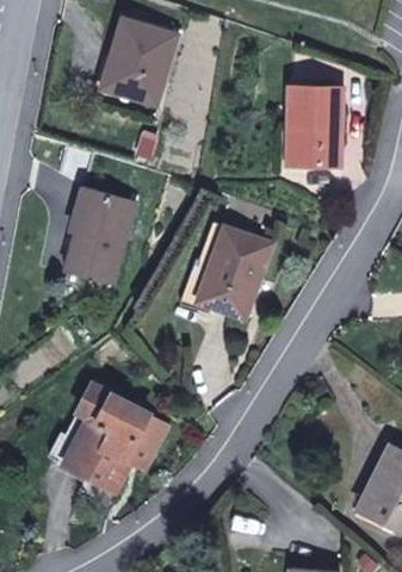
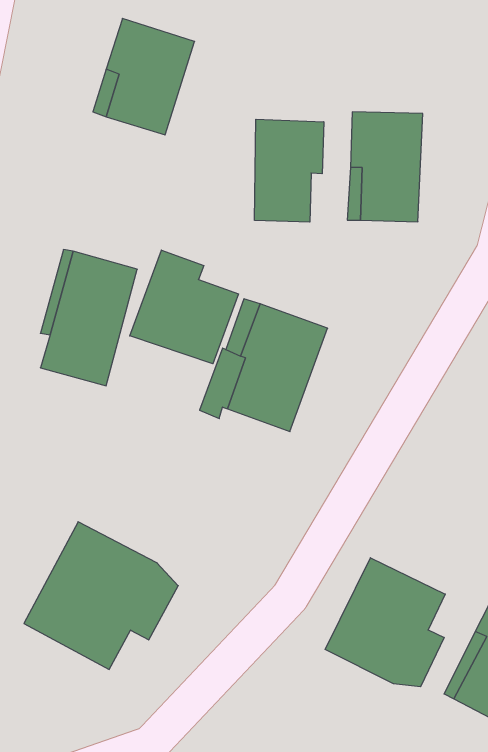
building: none -> [255,119,324,222]
building: none -> [130,250,238,364]
building: none -> [325,558,445,687]

